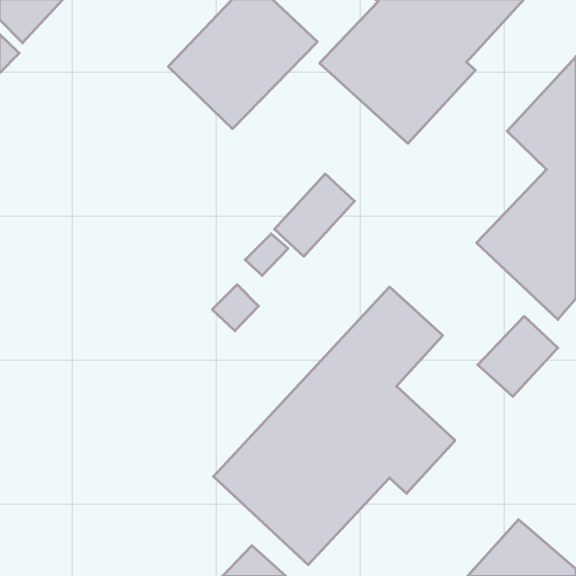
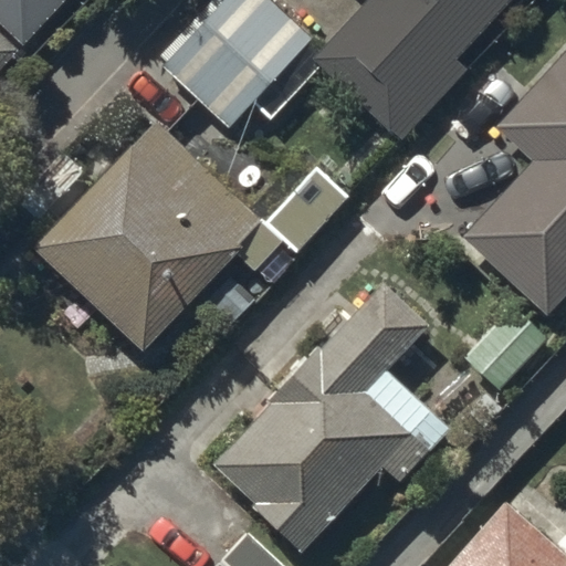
building: none -> [36,124,262,350]

